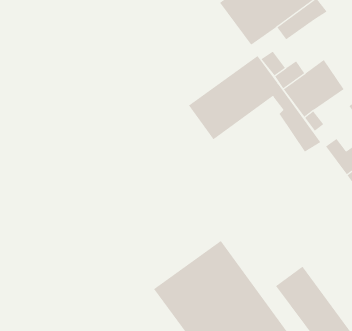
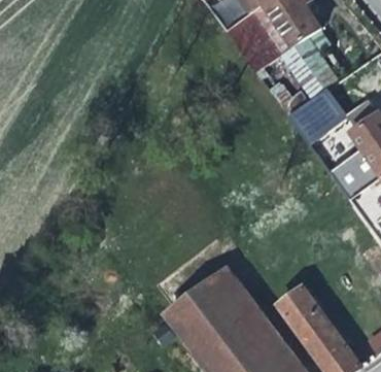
building: none -> [289,49,337,97]
building: [188,55,321,153] -> none

